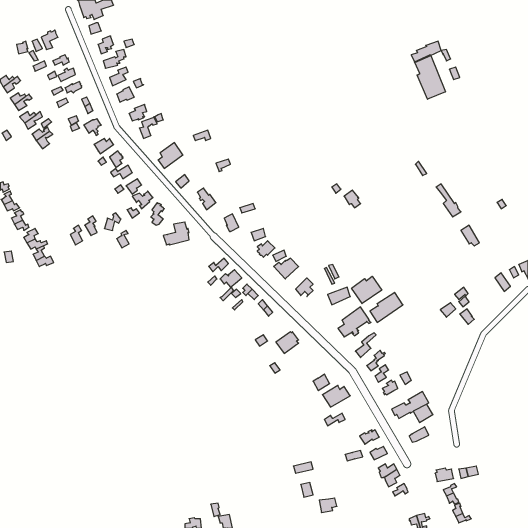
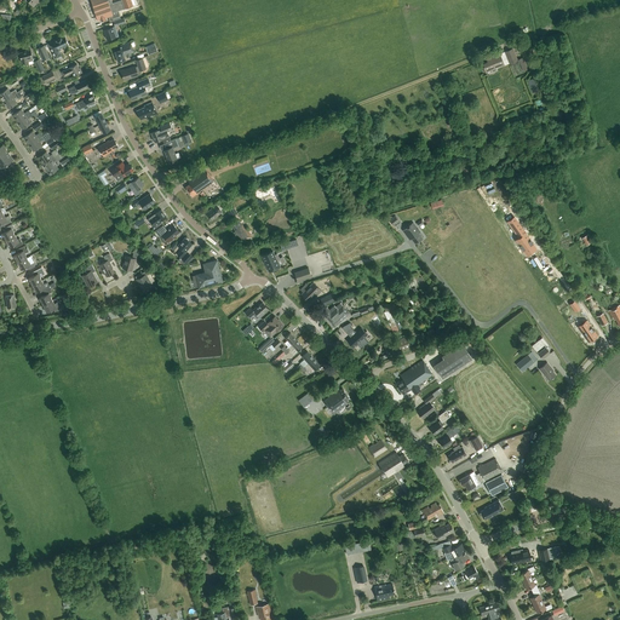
building: [415,55,445,99] -> none
building: [352,276,382,304] -> none

